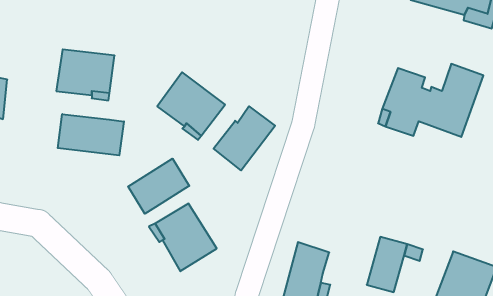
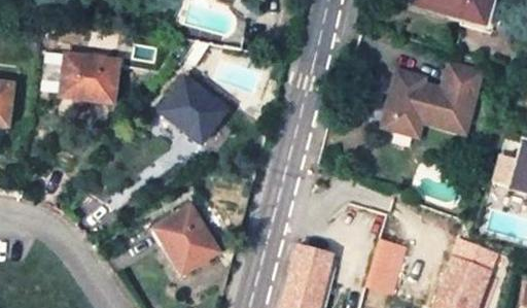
building: [214,106,275,170] -> none
building: [58,114,124,155] -> none
building: [128,159,189,214] -> none

